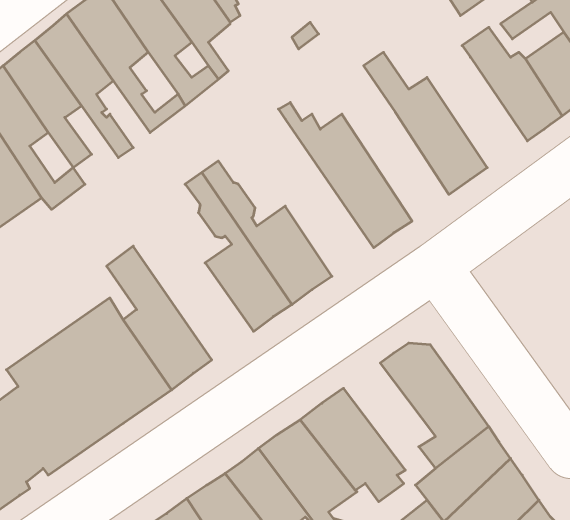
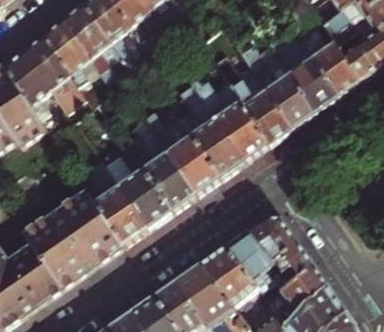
building: none -> [265,35,337,112]
building: none -> [211,50,289,144]
building: none -> [185,83,244,178]
building: none -> [96,151,171,228]
building: none -> [226,230,281,304]

